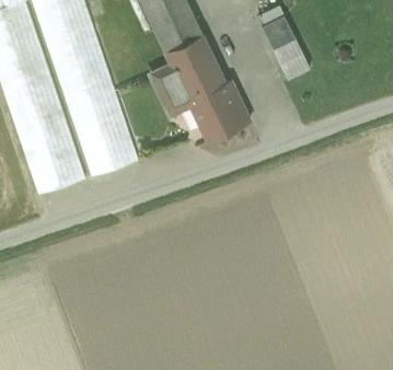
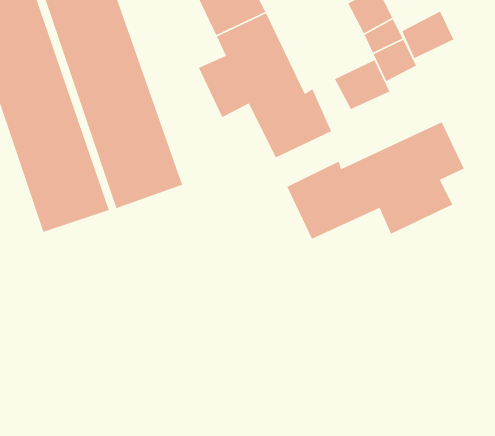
building: none -> [401,11,454,59]
building: none -> [334,59,390,110]
building: none -> [286,121,465,240]

